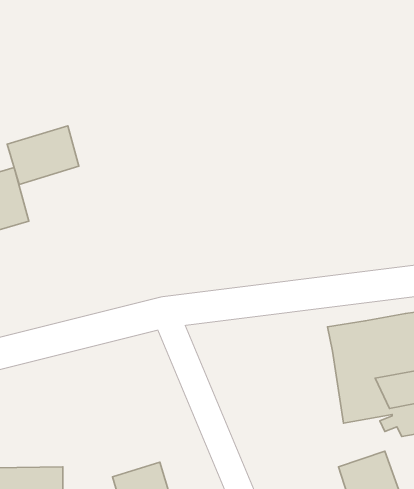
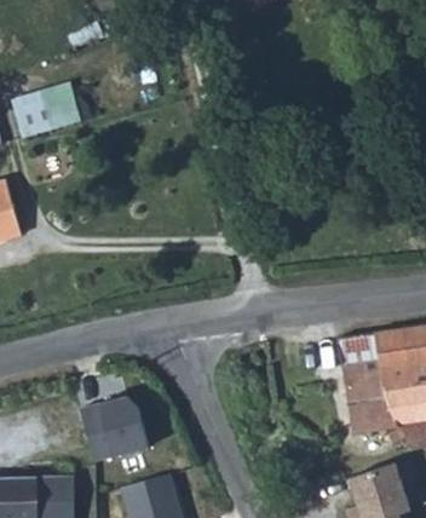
building: [7,126,79,184] -> [16,79,87,137]
building: none -> [80,396,140,466]

